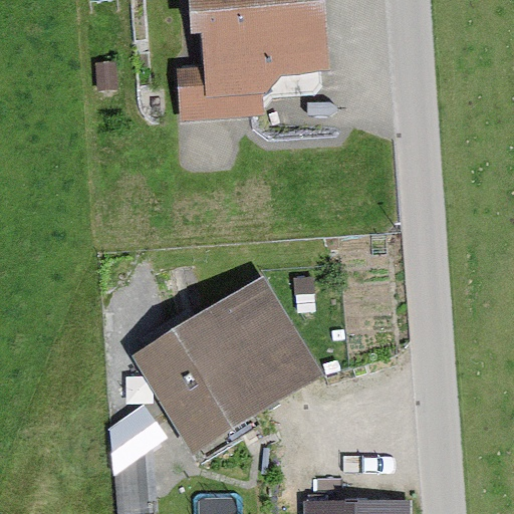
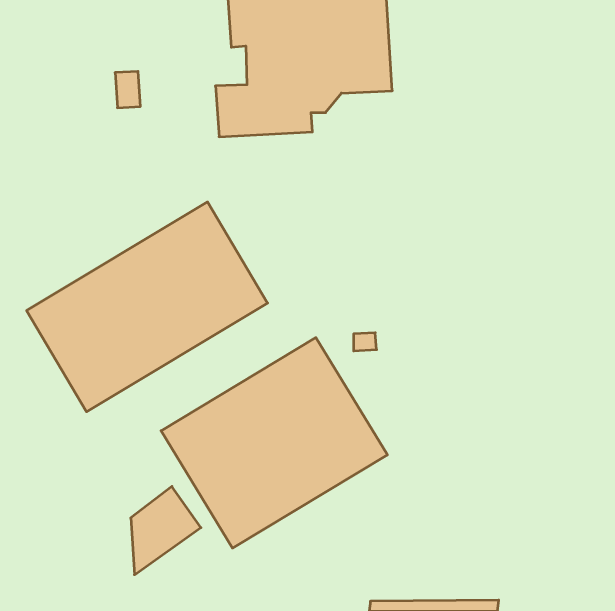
building: none -> [27,202,268,412]

